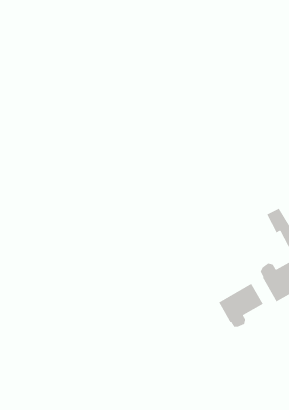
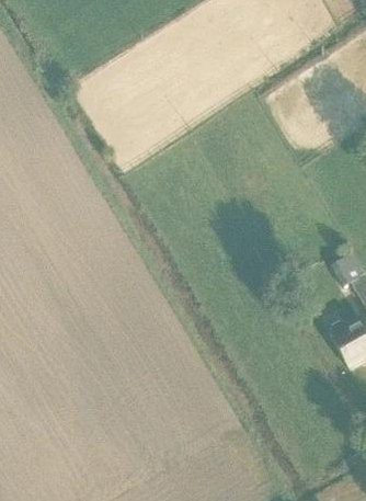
building: [218,283,264,327] -> none

